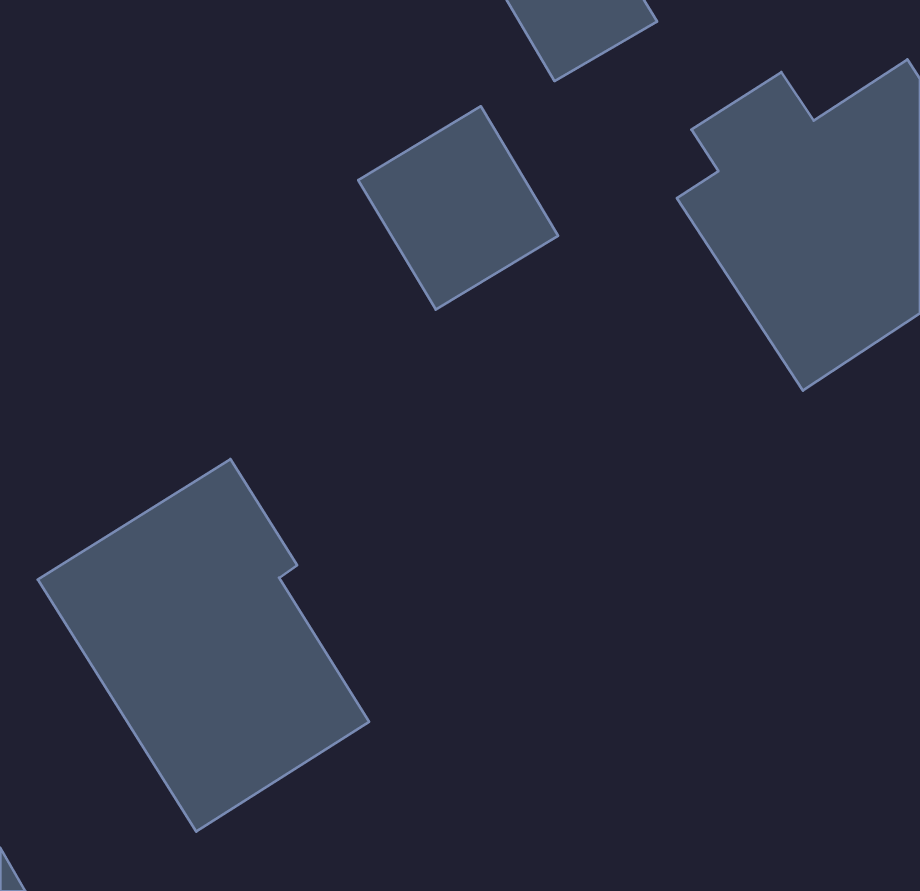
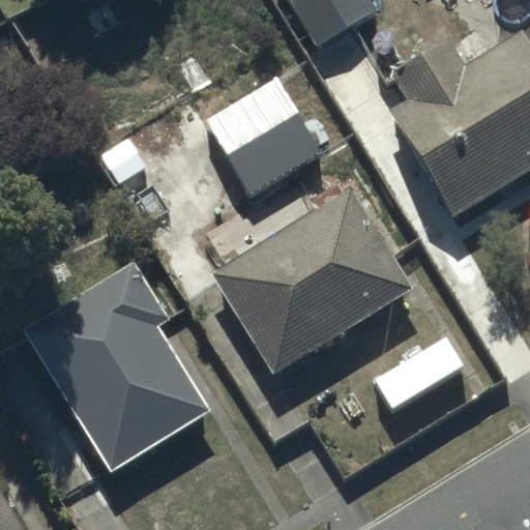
building: none -> [213,189,413,379]

